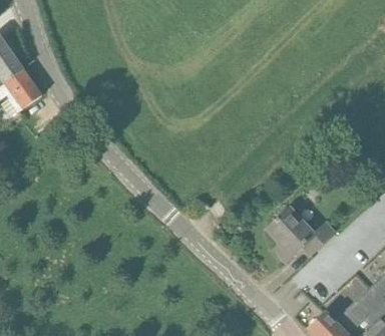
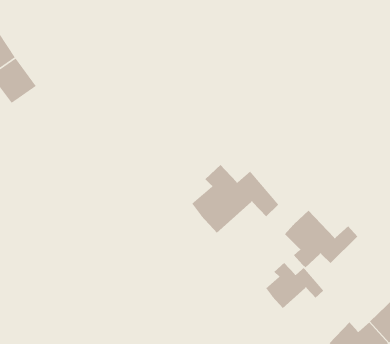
building: none -> [191,164,279,234]
building: none -> [265,262,324,309]

